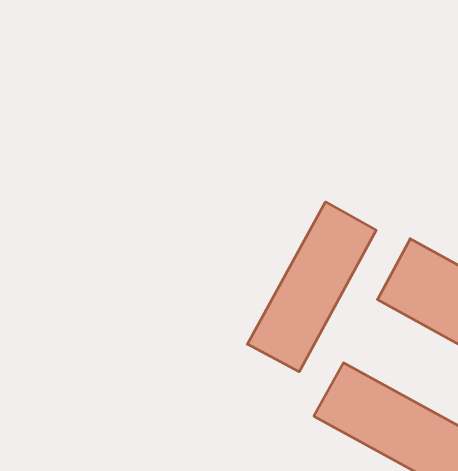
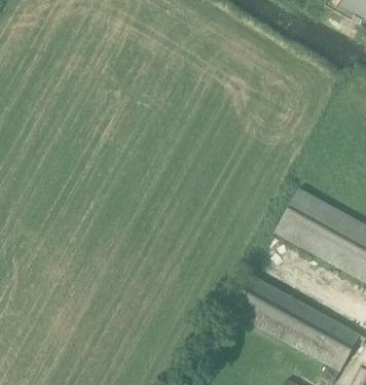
building: [247,202,376,372] -> none

